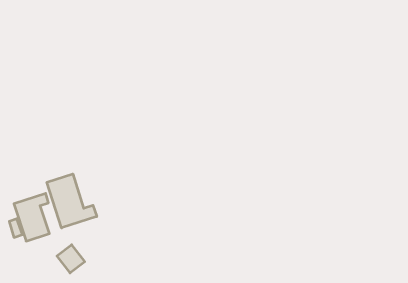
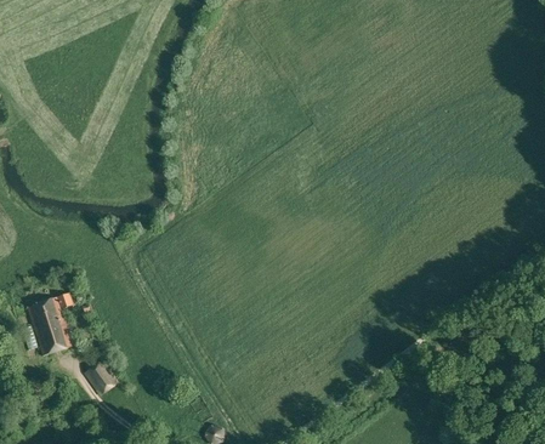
building: [47,174,97,228] -> none

